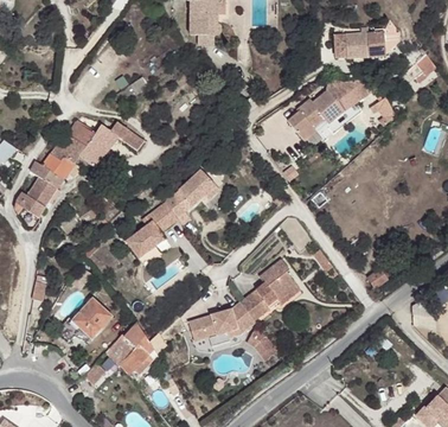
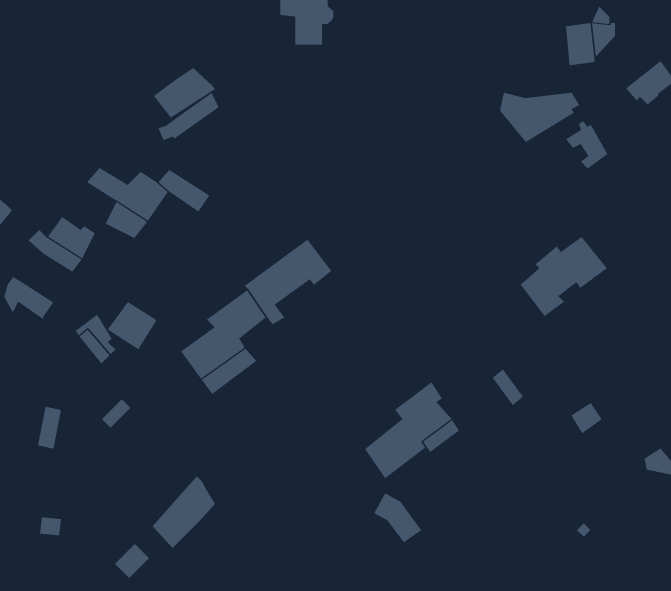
building: [333,27,369,59] -> none
building: none -> [153,67,216,119]
building: [286,87,341,138] -> [520,236,608,317]
building: [49,132,83,164] -> none
building: [24,177,56,208] -> [107,301,158,350]
building: [66,295,113,334] -> none
building: [188,300,254,336] -> none
building: [122,334,155,375] -> none

